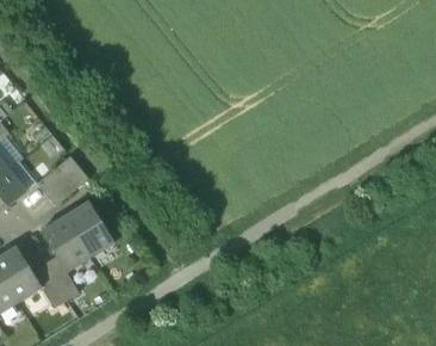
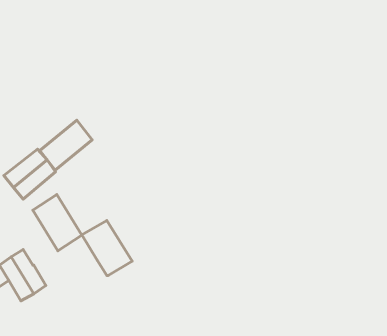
building: none -> [40,120,92,170]
building: [41,217,91,272] -> [82,221,132,276]

